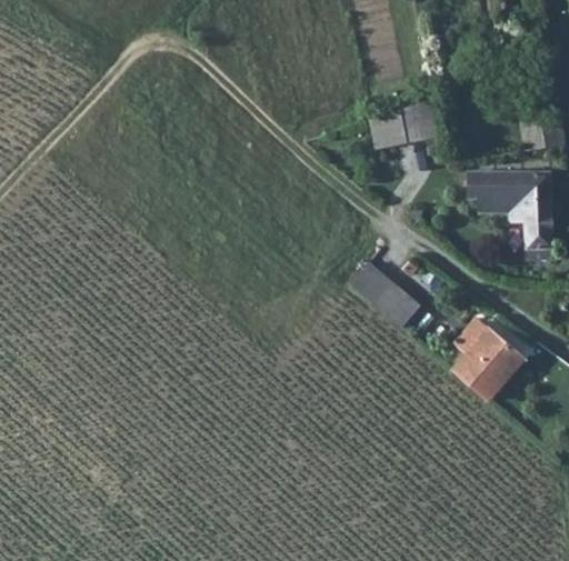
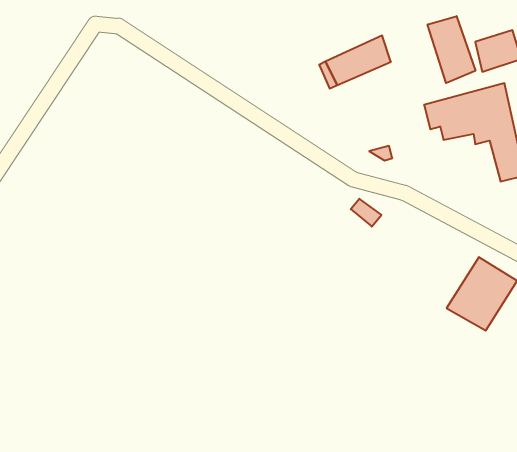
building: none -> [428,16,475,83]
building: [351,266,420,331] -> none

